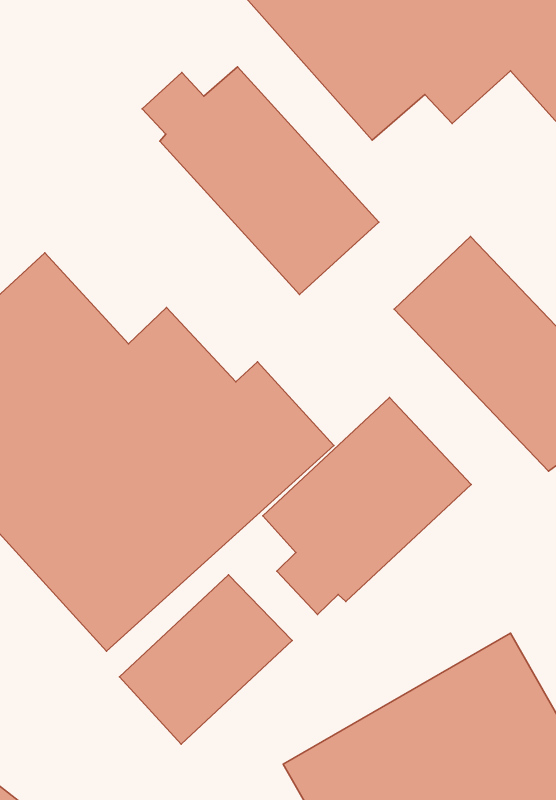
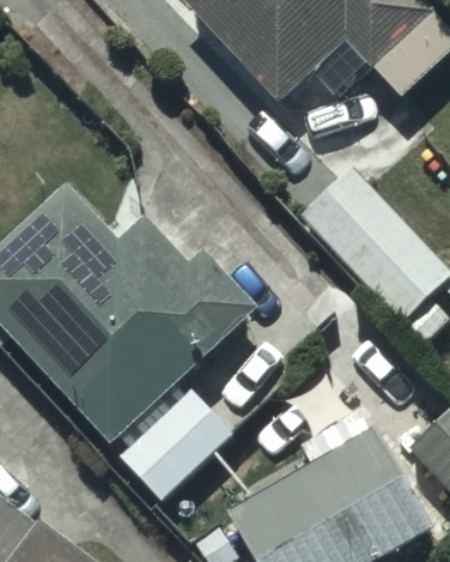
building: [142,67,379,295] -> none
building: [263,397,471,615] -> none

